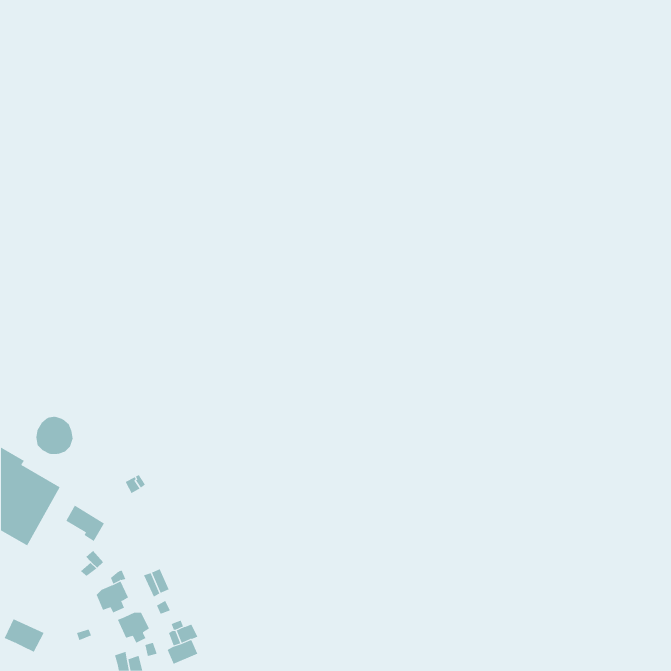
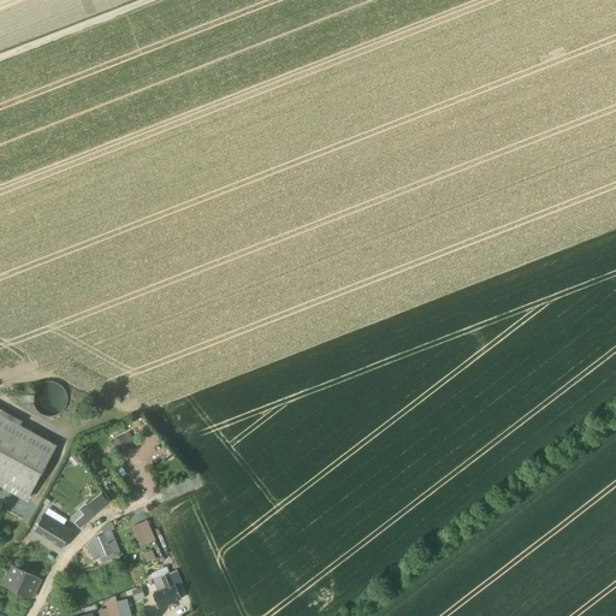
building: [65,505,105,542] -> [36,515,72,549]
building: [117,612,150,644] -> none

